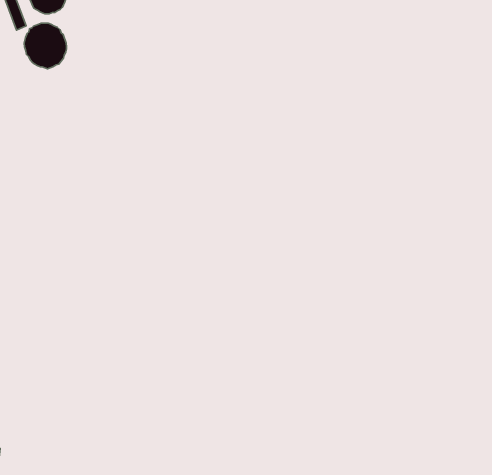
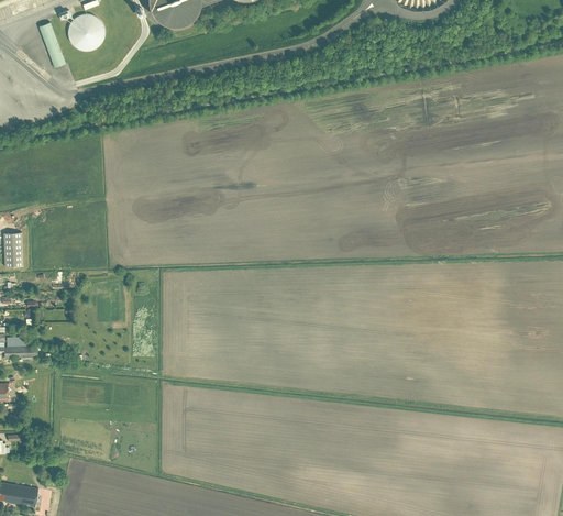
building: [24,23,67,69] -> none

